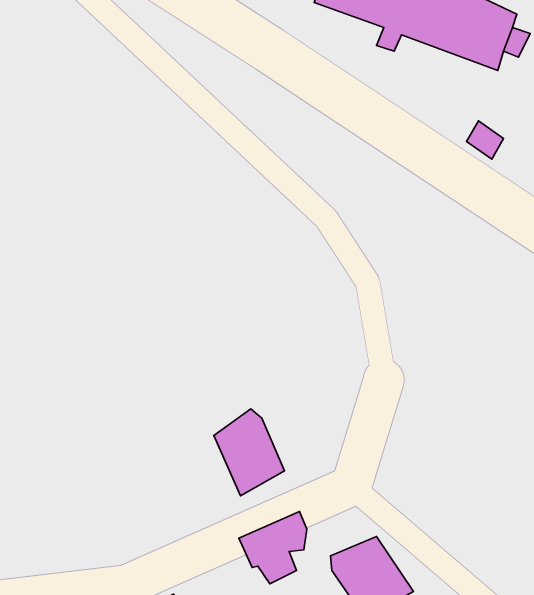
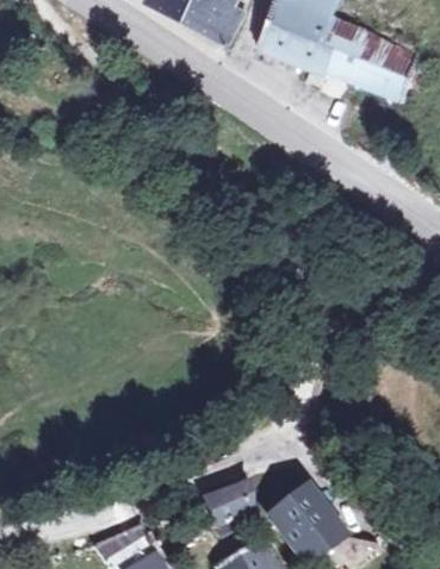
building: [214,409,285,496] -> none

